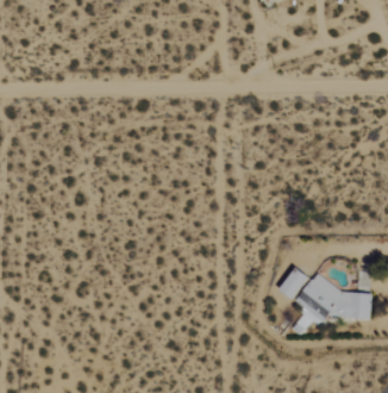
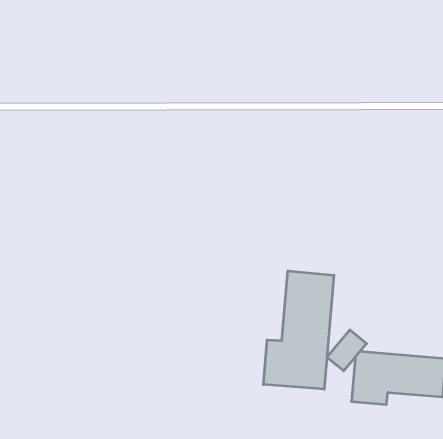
building: none -> [263,271,334,389]

